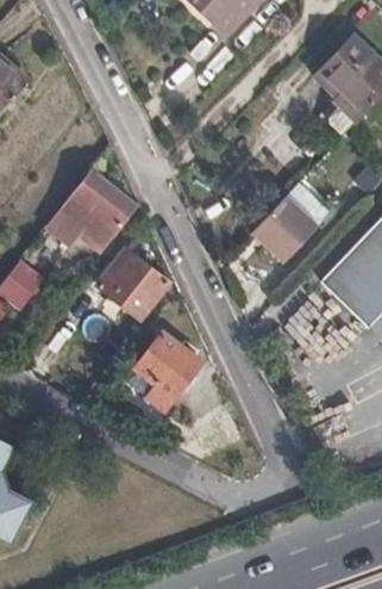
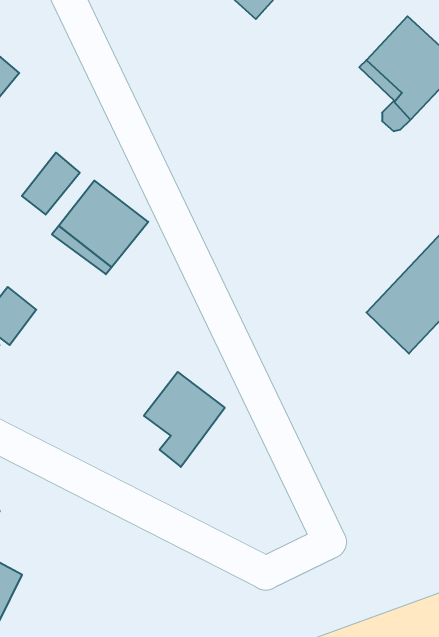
building: none -> [22,153,80,215]
building: [251,193,319,261] -> none
building: [95,250,170,320] -> none

